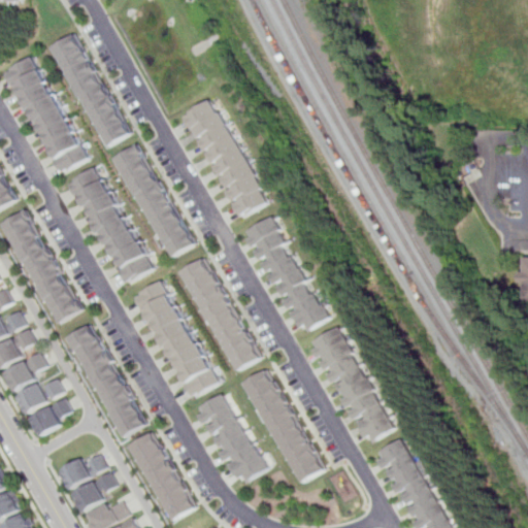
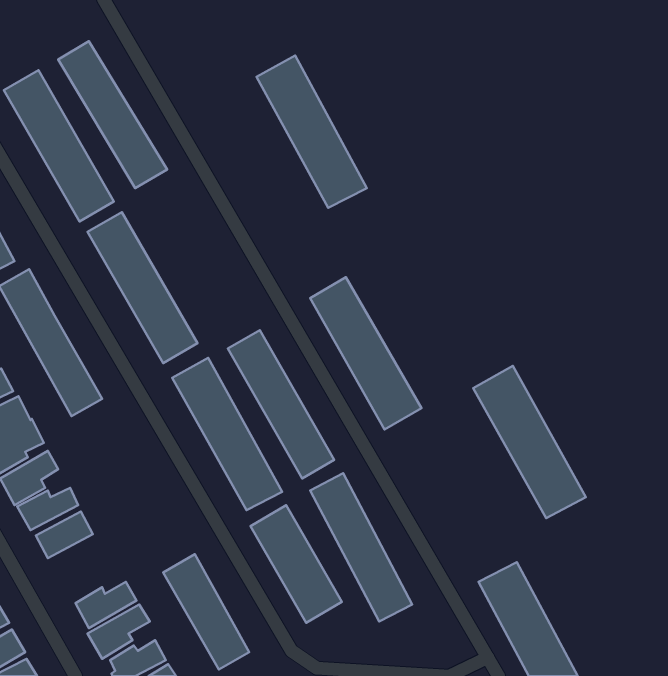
building: [183,98,268,217] -> [257,55,367,208]
building: [111,142,194,258] -> none
building: [65,324,145,438] -> none
building: [306,326,394,444] -> [473,366,586,518]

